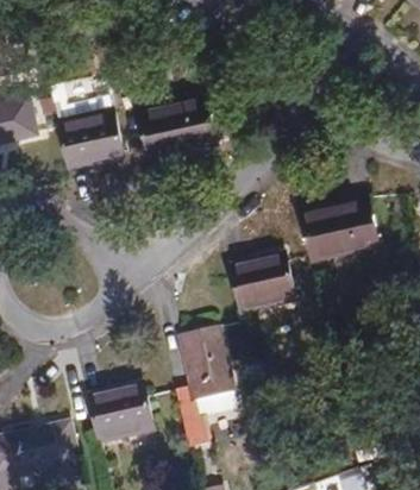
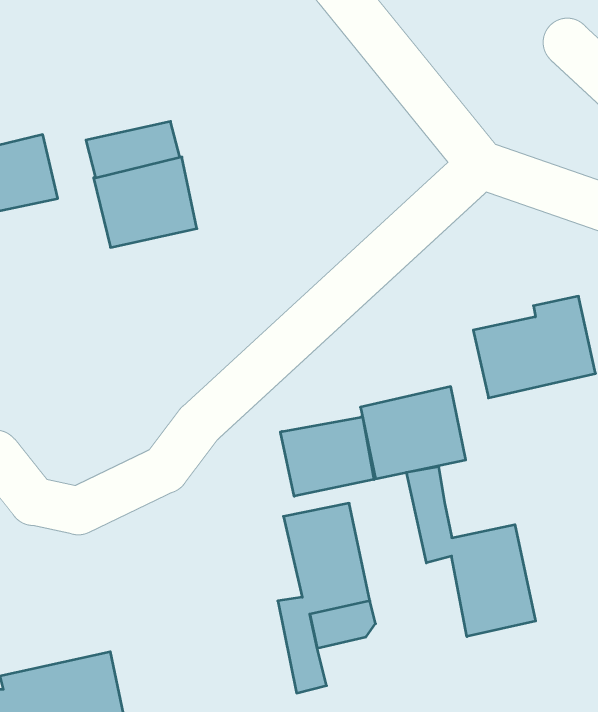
building: [138,94,215,152] -> none
building: none -> [280,416,374,496]
building: none -> [406,467,536,637]
building: [88,384,153,441] -> none

